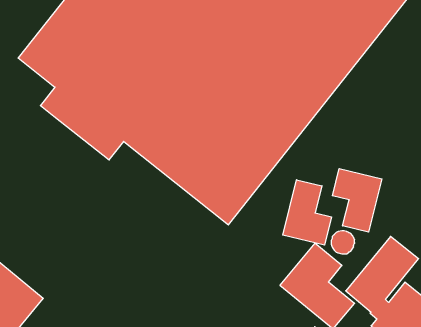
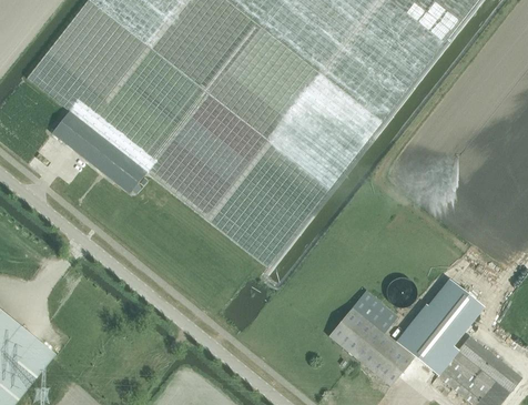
building: [332,169,382,232] -> none
building: [283,180,331,245] -> none

